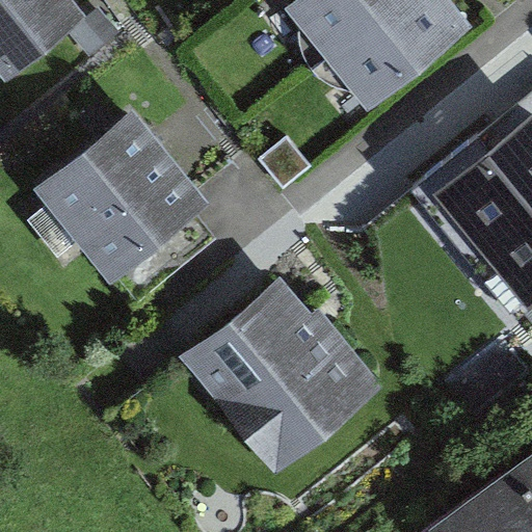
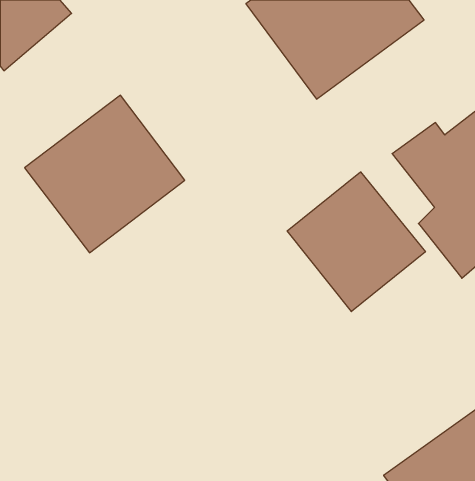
building: none -> [287,172,425,312]
building: [181,273,384,478] -> none

